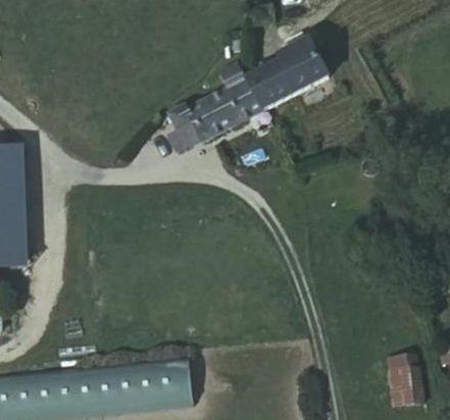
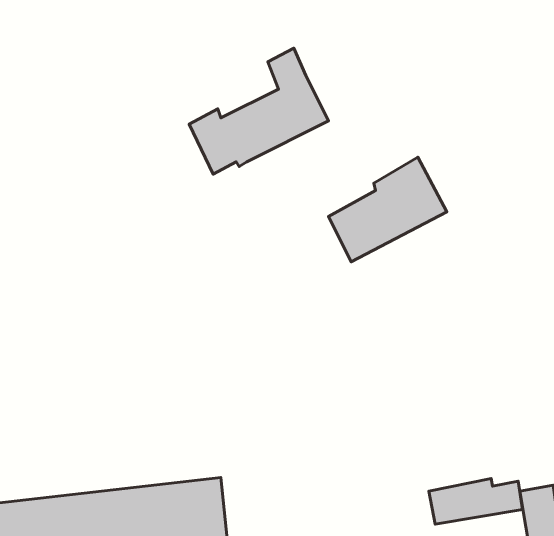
building: [244,45,323,115] -> [328,157,447,262]
building: none -> [429,478,523,524]

